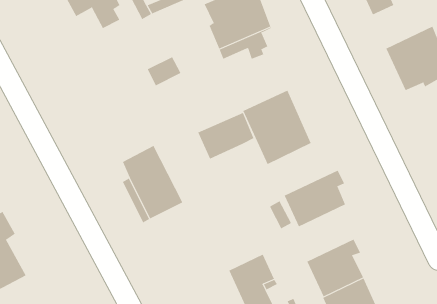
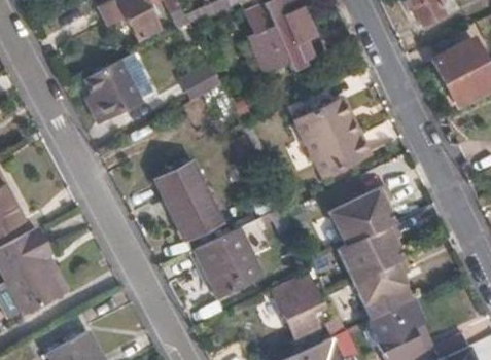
building: none -> [95,61,142,117]
building: [197,112,254,159] -> none
building: none -> [338,222,402,282]
building: none -> [189,230,256,298]

